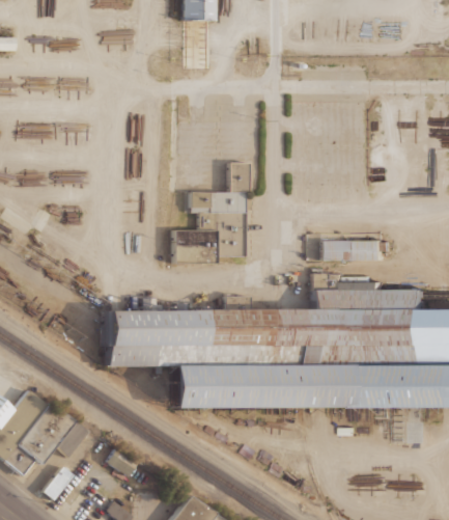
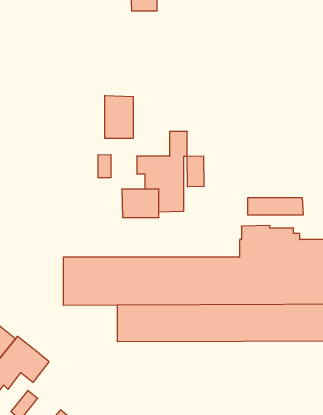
building: none -> [105,95,133,138]
building: none -> [98,155,111,178]
building: none -> [187,156,204,187]
building: [109,449,139,476] -> none

